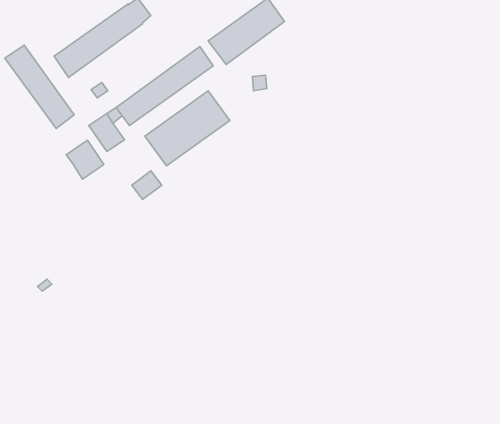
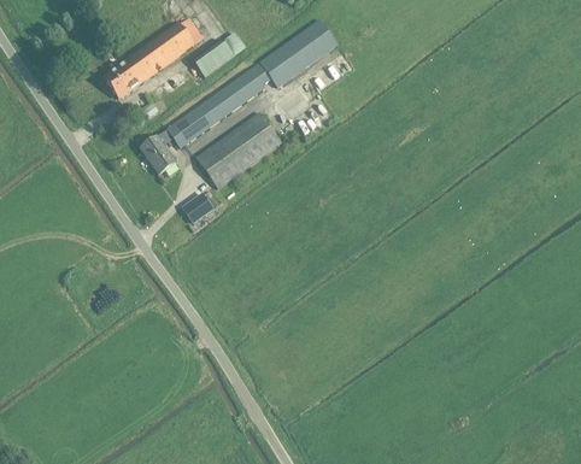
building: none -> [195,40,236,77]
building: [5,45,74,129] -> none
building: [66,140,104,179] -> none

